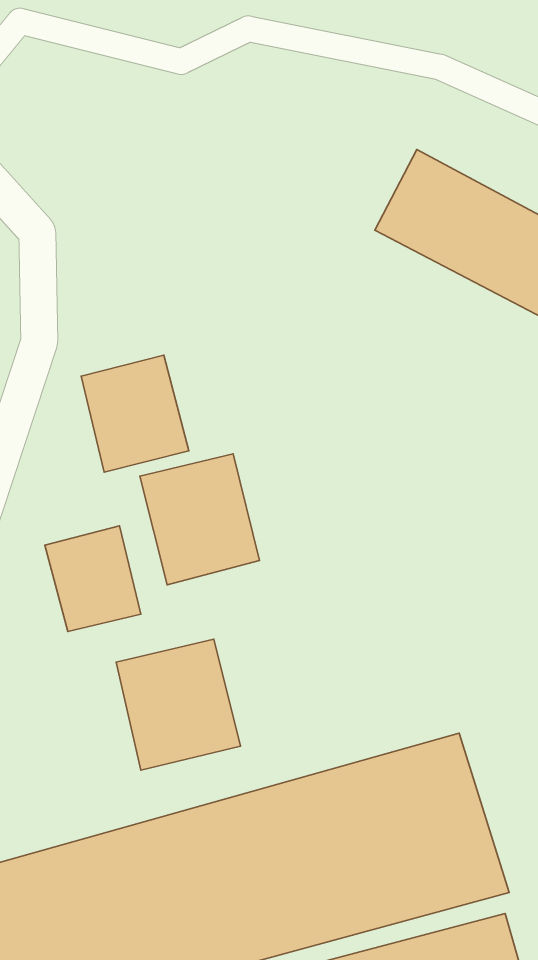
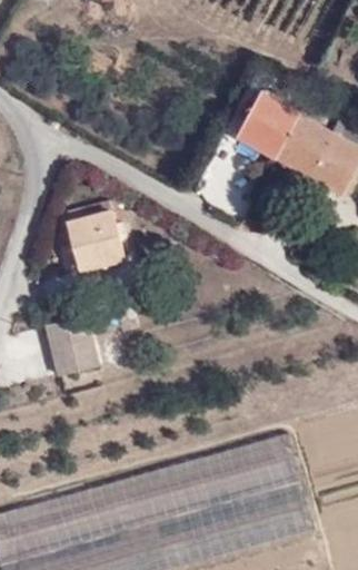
building: [140,454,259,585] -> none
building: [116,639,241,770] -> none

